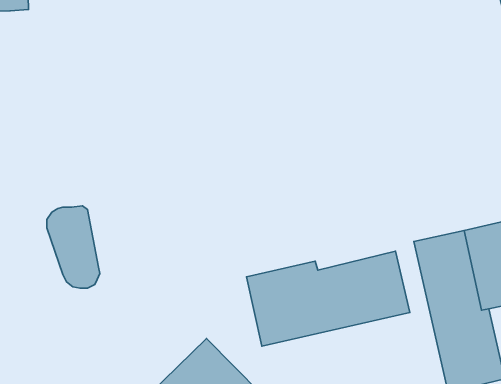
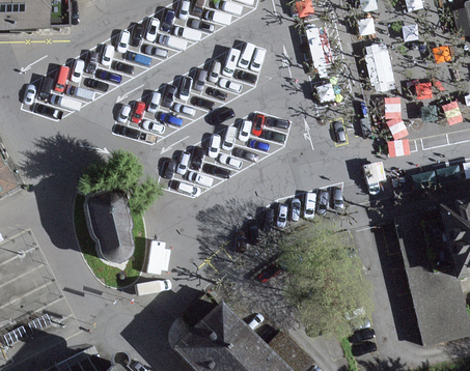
building: [247,251,410,346] -> none

